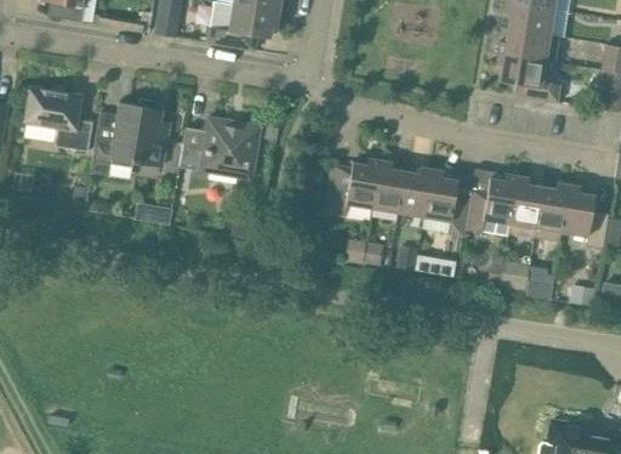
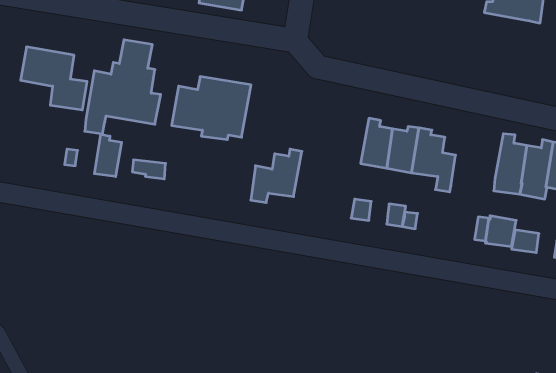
building: [496,51,562,102] -> none
building: [329,157,381,211] -> [251,149,302,203]
building: [465,172,518,232] -> none
building: none -> [94,134,122,177]

